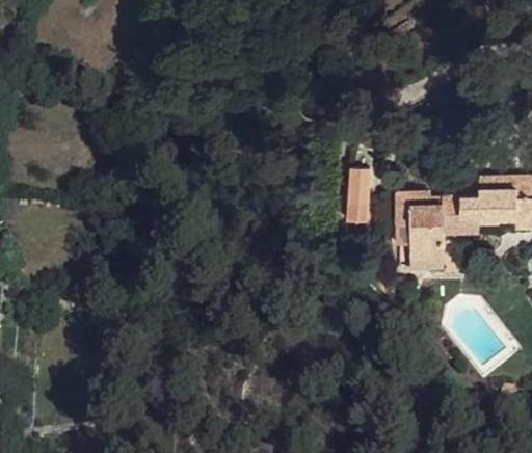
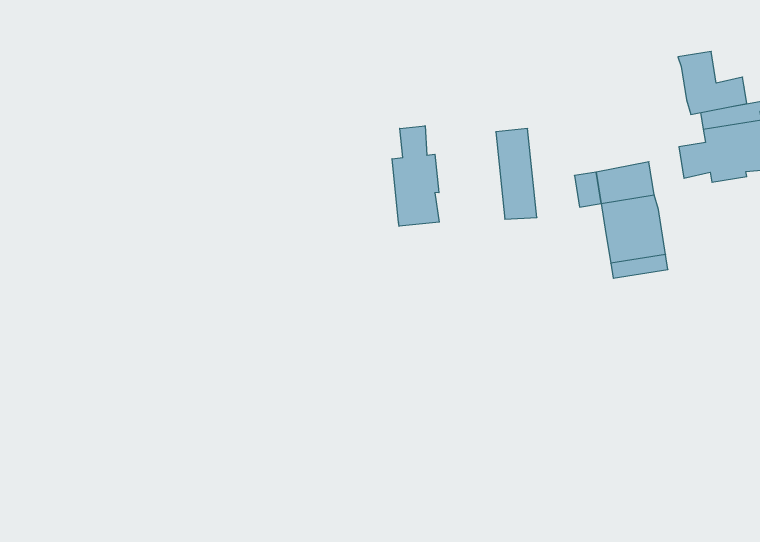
building: none -> [392,126,439,226]
building: [441,196,478,233] -> [678,51,747,114]

